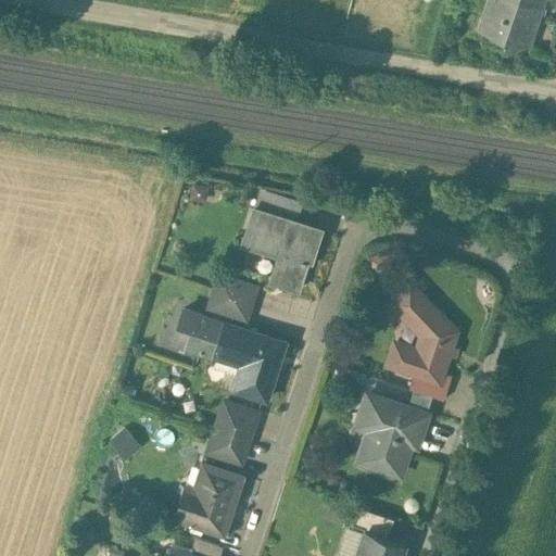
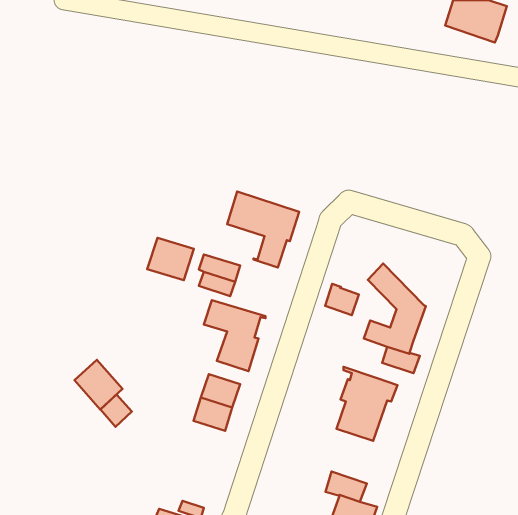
building: none -> [325,284,359,315]
building: [172,311,222,356] -> [147,238,194,280]
building: none -> [75,360,123,409]
building: [175,466,241,534] -> none

